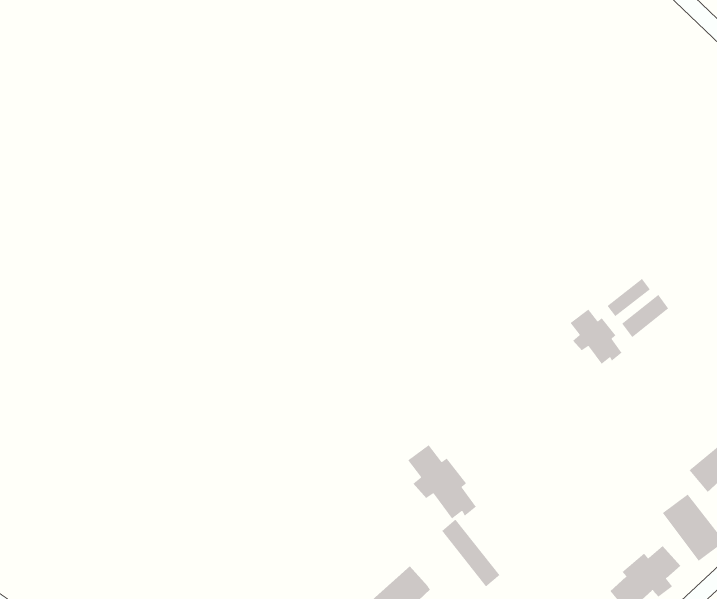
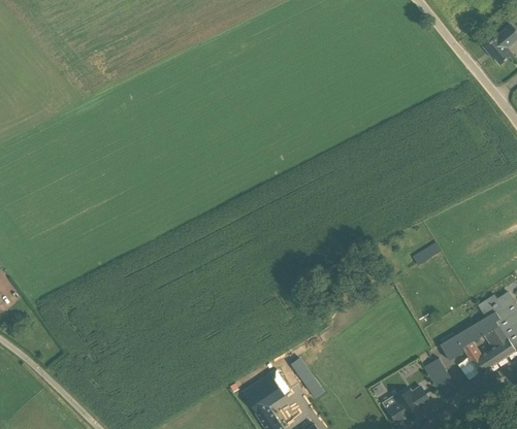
building: [569,309,623,365] -> none
building: [407,444,477,519] -> none

